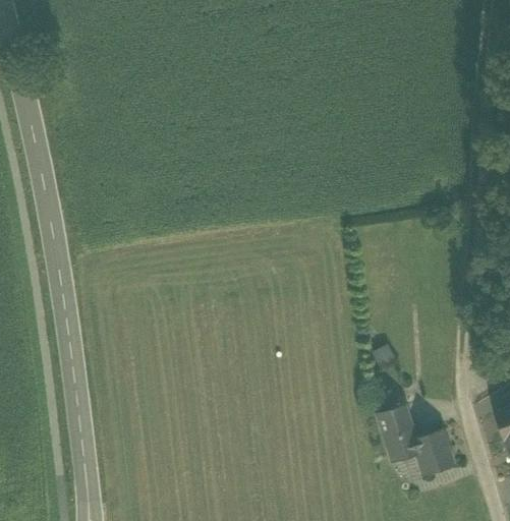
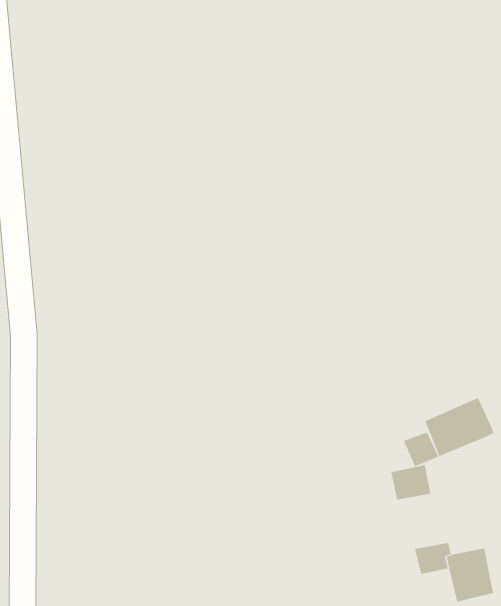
building: none -> [425,397,494,457]
building: [380,408,413,439] -> [391,464,431,500]

